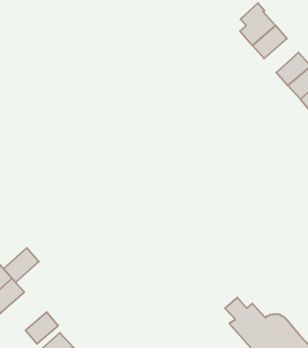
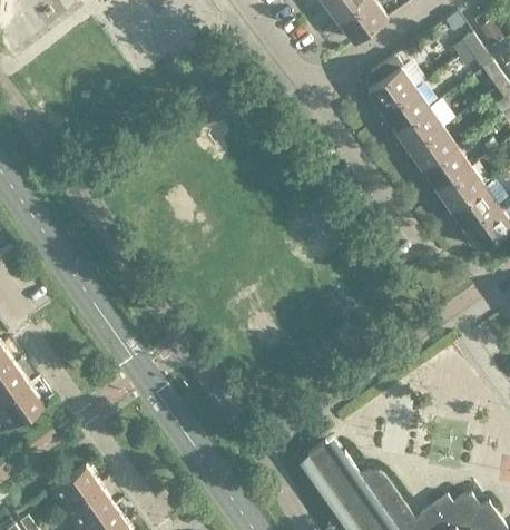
building: none -> [394,106,441,149]
building: [3,248,39,282] -> none
building: [25,312,58,344] -> none

